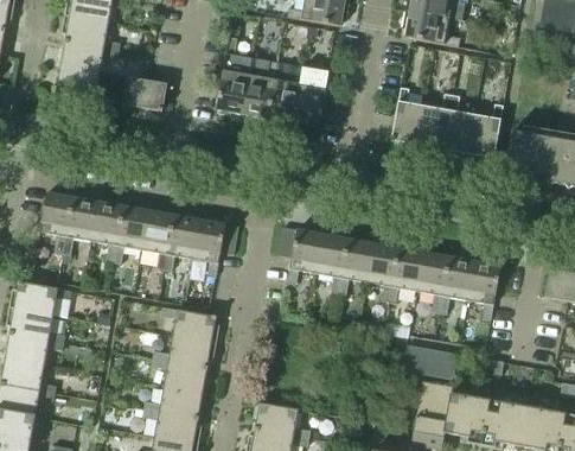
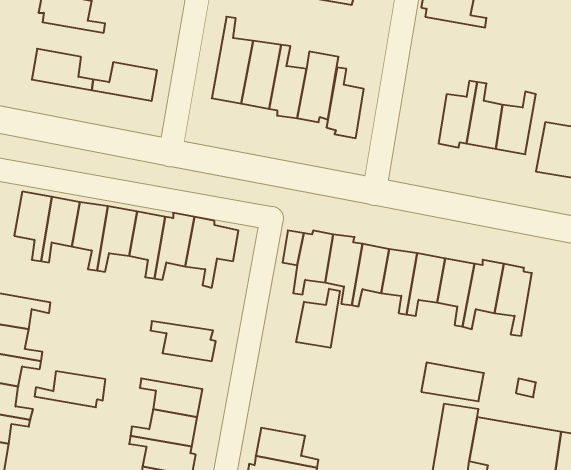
building: [60,40,120,71] -> none
building: [391,85,424,148] -> [326,67,364,138]
building: none -> [296,289,340,348]
building: [153,335,216,367] -> [35,371,105,407]

